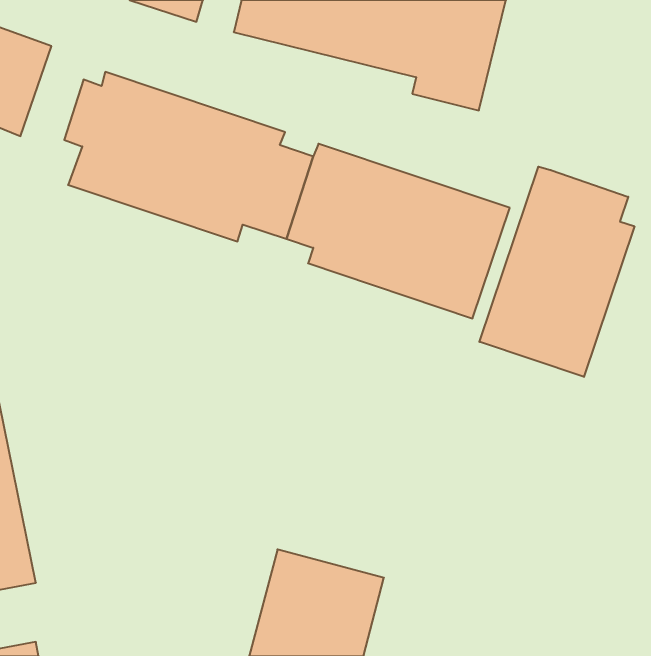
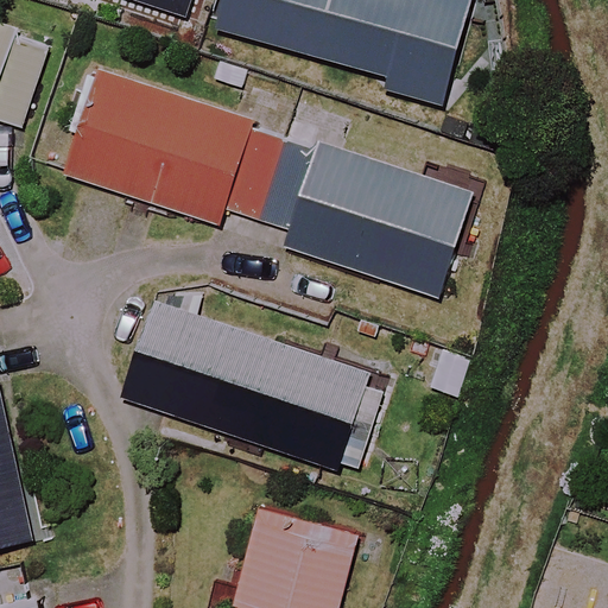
building: [479,167,634,377] -> none
building: none -> [121,300,388,468]

